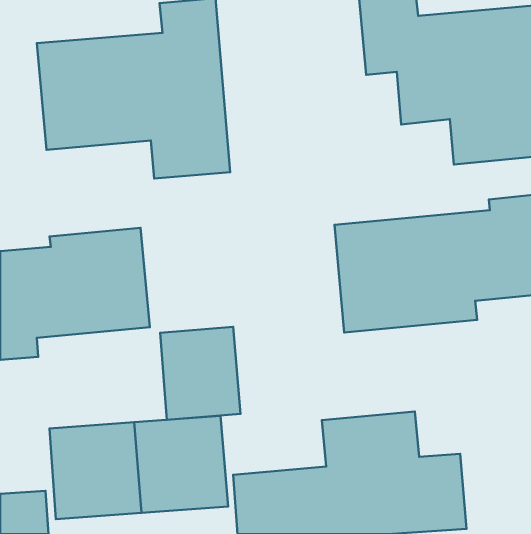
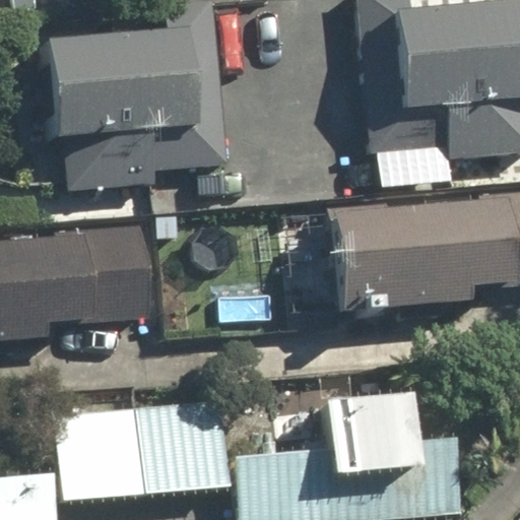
building: [160,327,241,420] -> none

